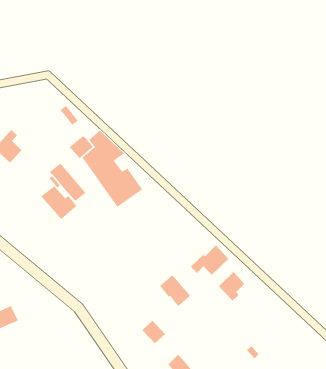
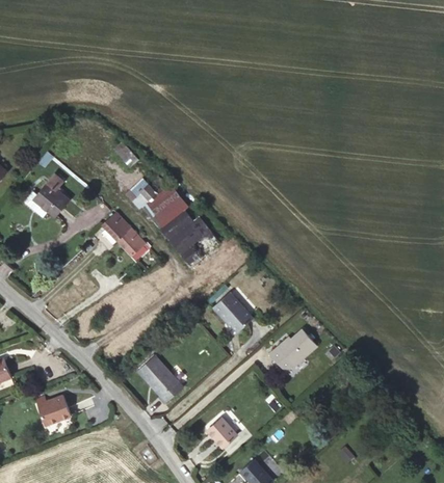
building: [40,185,78,220] -> none
building: none -> [140,353,185,403]
building: [218,271,245,302] -> none
building: [159,274,191,307] -> [217,293,257,333]

